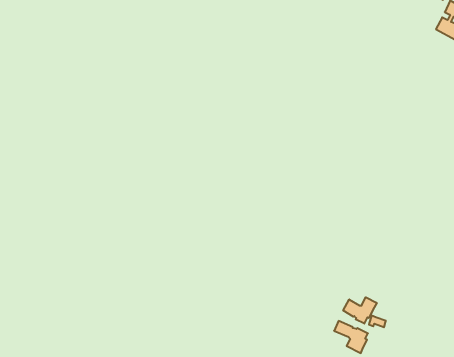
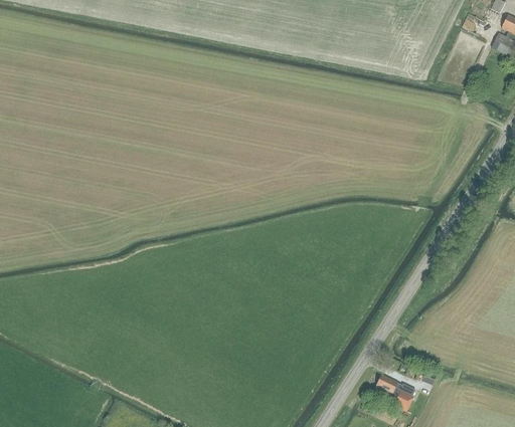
building: [343,297,377,324] -> none

